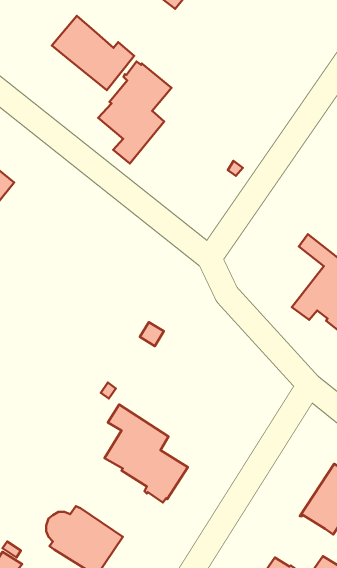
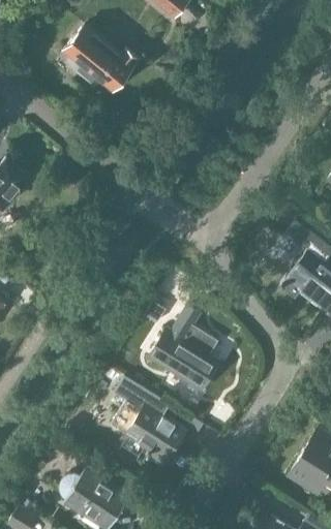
building: [98,62,172,164] -> none
building: none -> [149,307,218,391]

